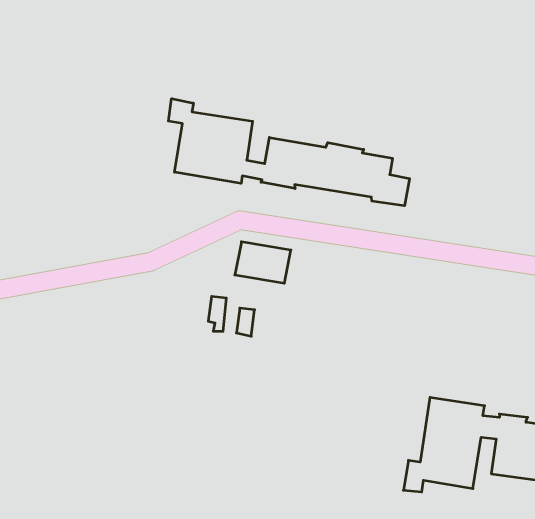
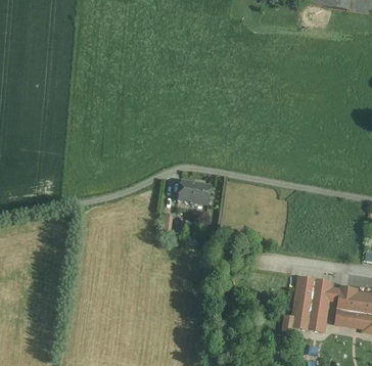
building: [168,99,410,206] -> none

